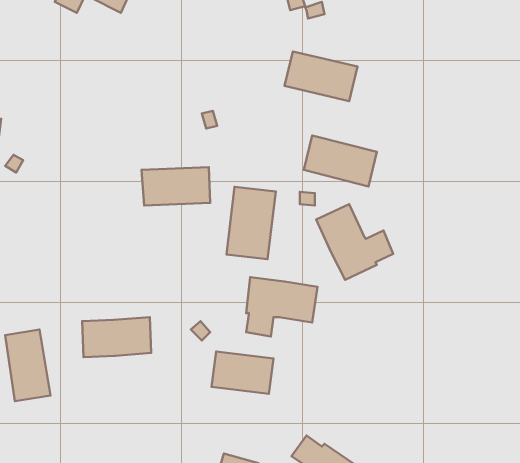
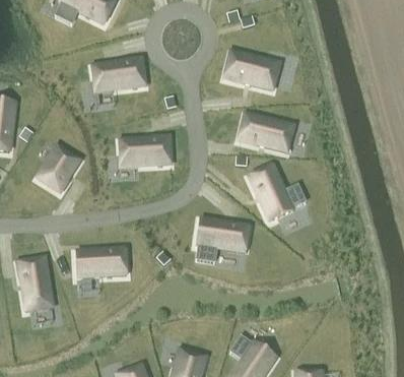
building: none -> [92,59,144,91]
building: none -> [38,145,79,191]
building: [226,187,276,259] -> none
building: [212,352,274,394] -> none

